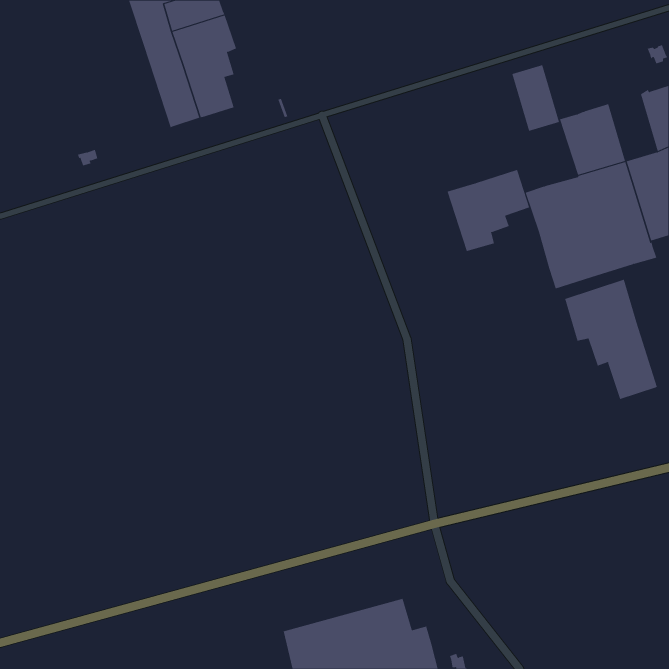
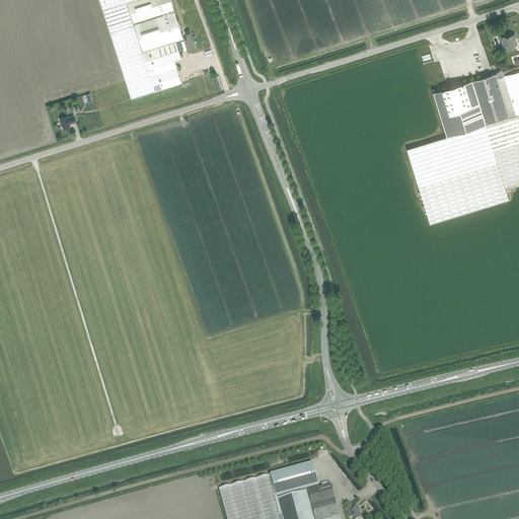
building: [511,65,560,131] -> [471,73,509,125]
building: [447,169,530,252] -> none
building: [564,279,658,400] -> none

